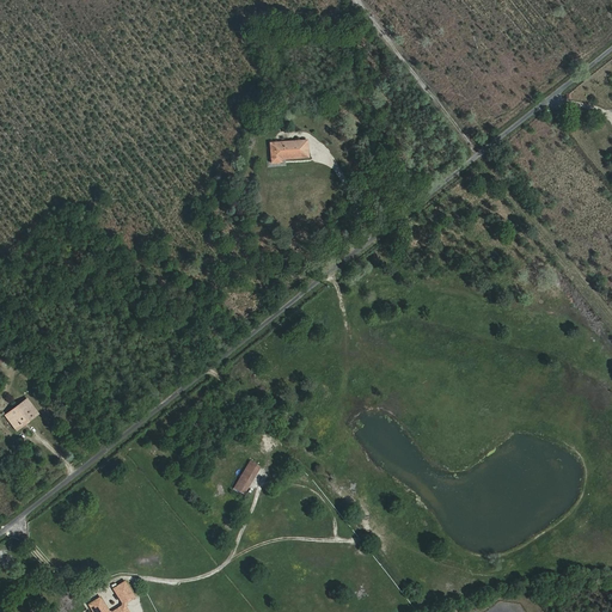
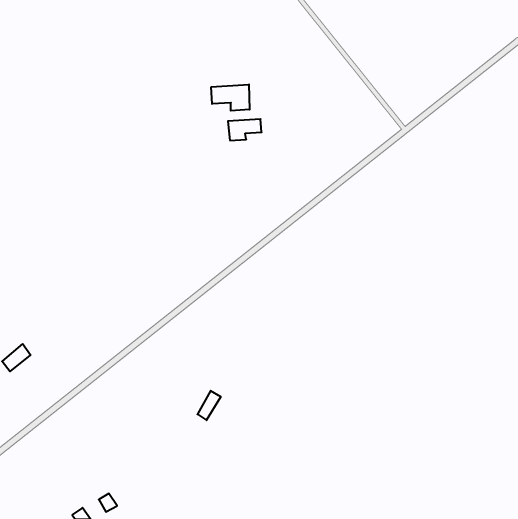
building: none -> [211,84,250,111]

